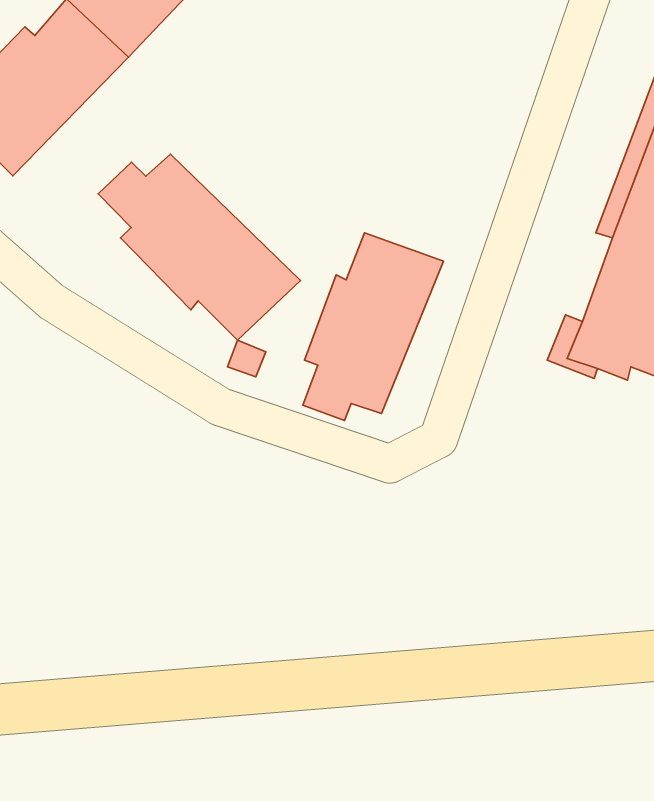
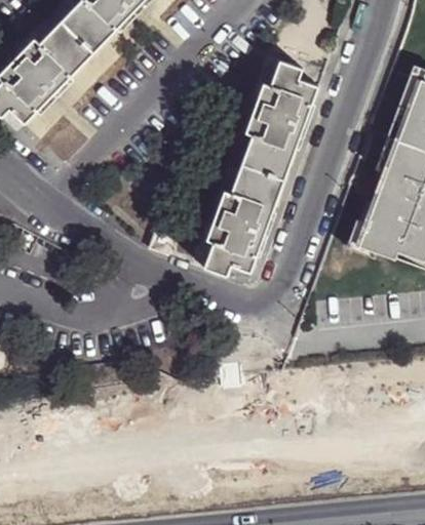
building: none -> [238,58,321,183]
building: [98,154,301,340] -> none

